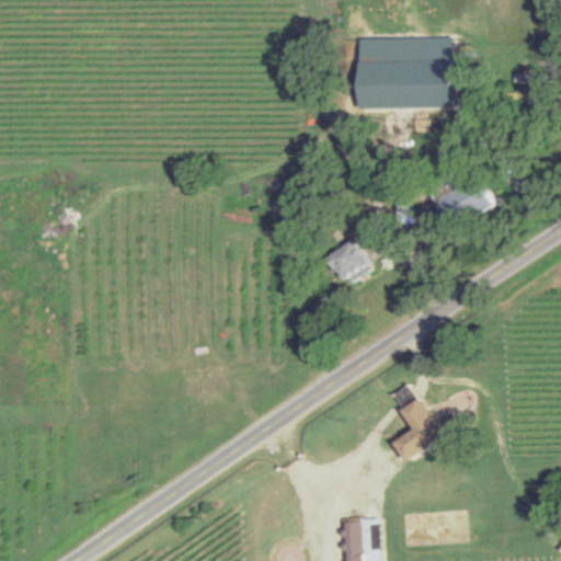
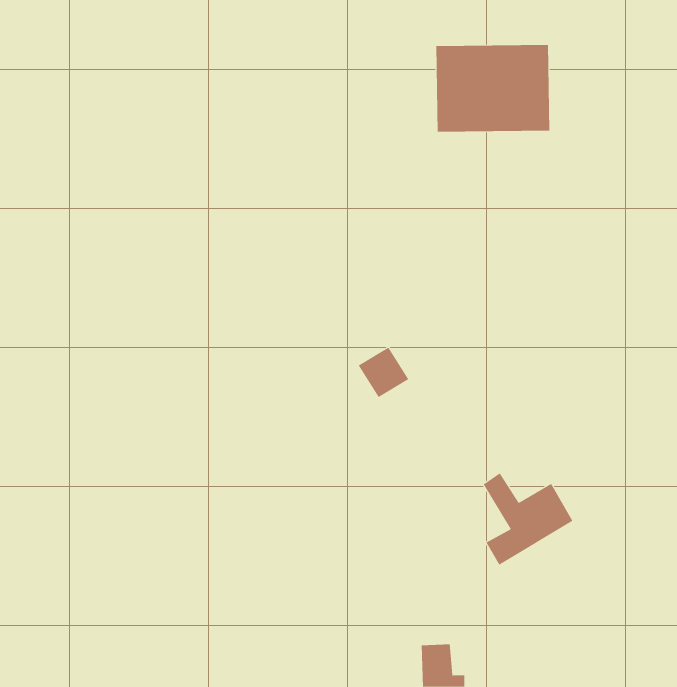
building: [433,175,490,226] -> none
building: [330,240,371,282] -> [358,347,409,398]

